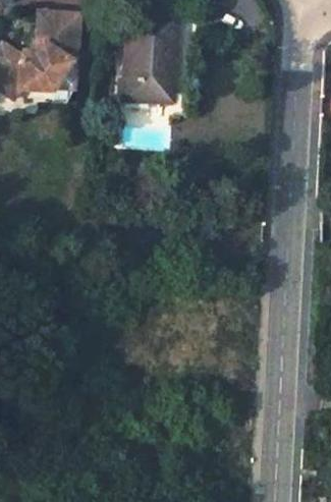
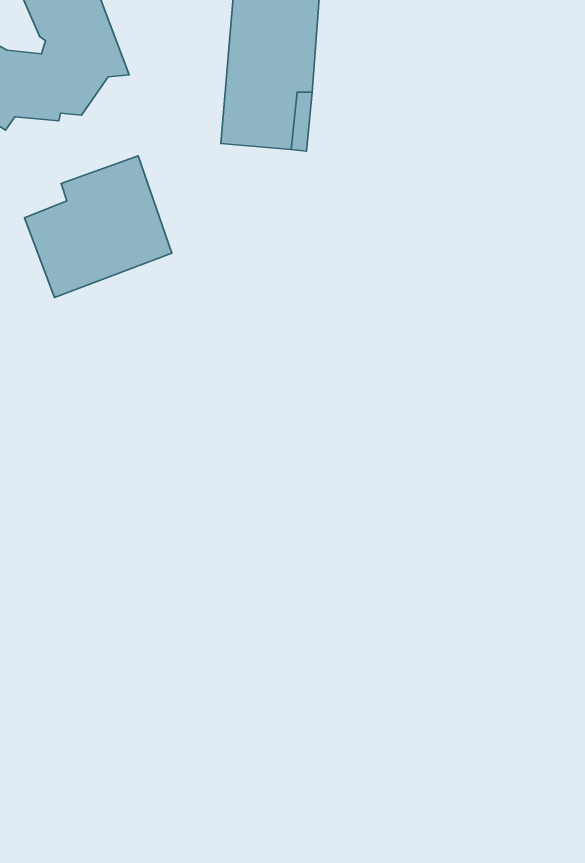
building: none -> [25,156,172,297]

